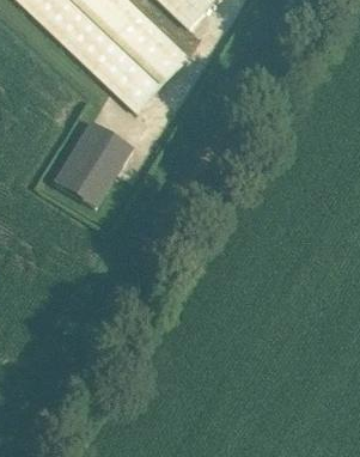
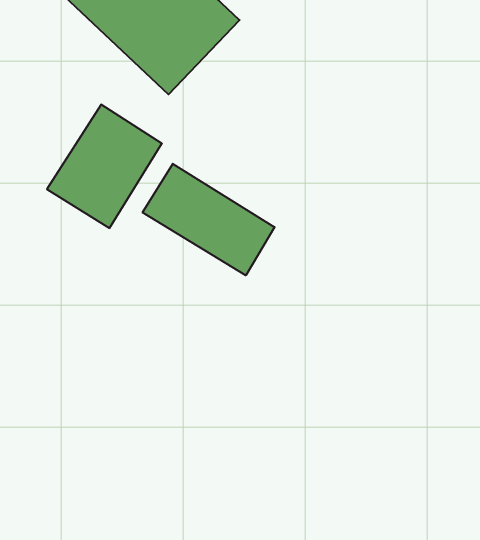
building: none -> [143,164,275,275]

